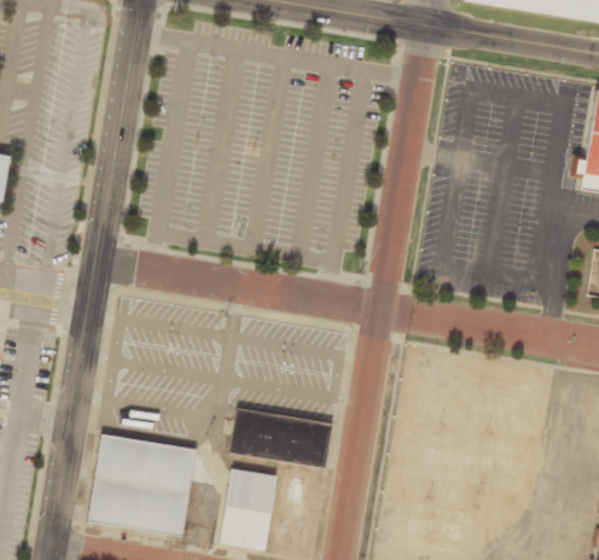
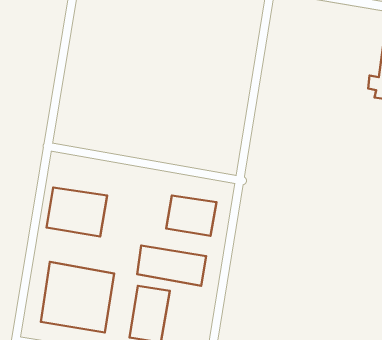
building: none -> [46,188,107,236]
building: none -> [166,196,216,236]

